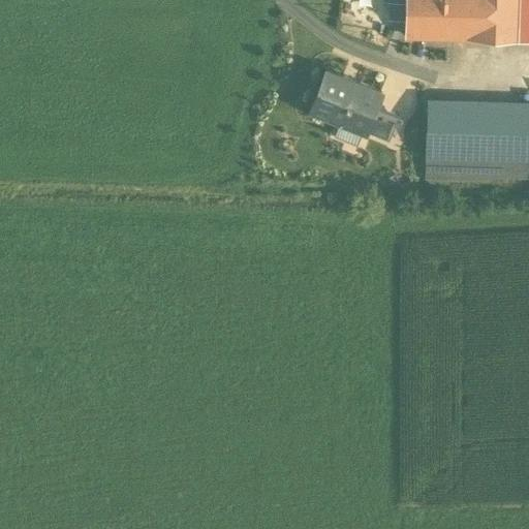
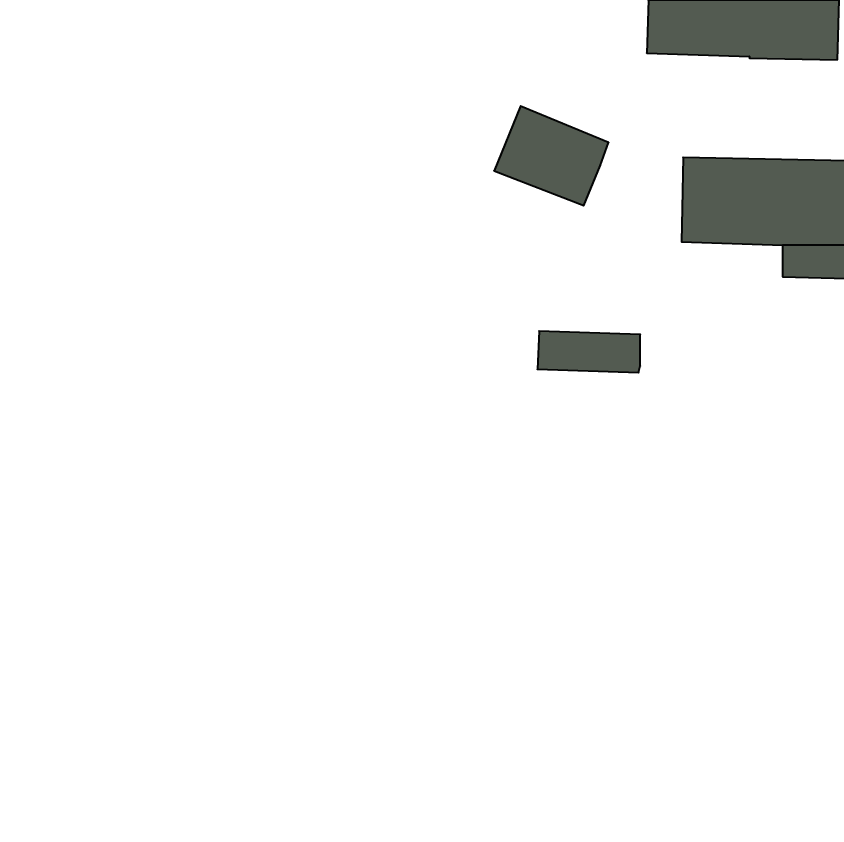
building: [366,106,399,141] -> none
building: [426,154,490,180] -> [537,331,640,373]

